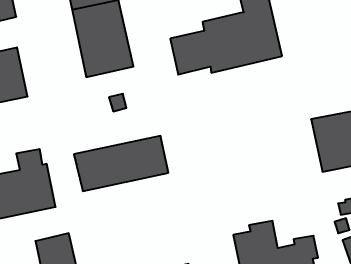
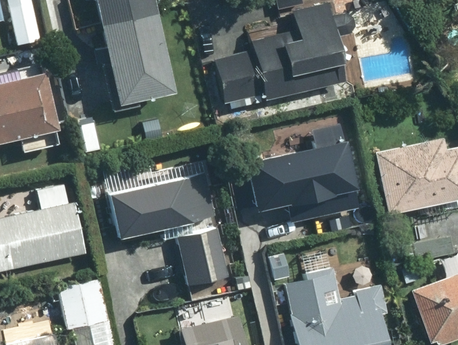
building: none -> [233,127,362,226]
building: none -> [179,229,229,287]

